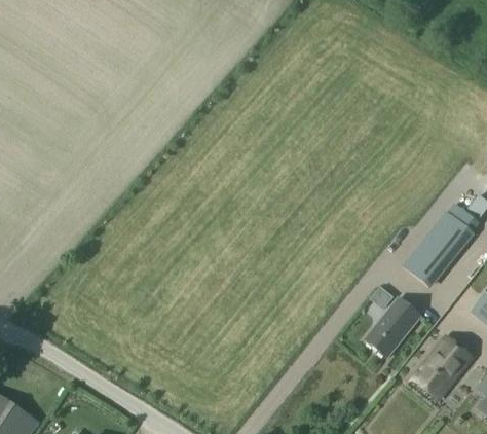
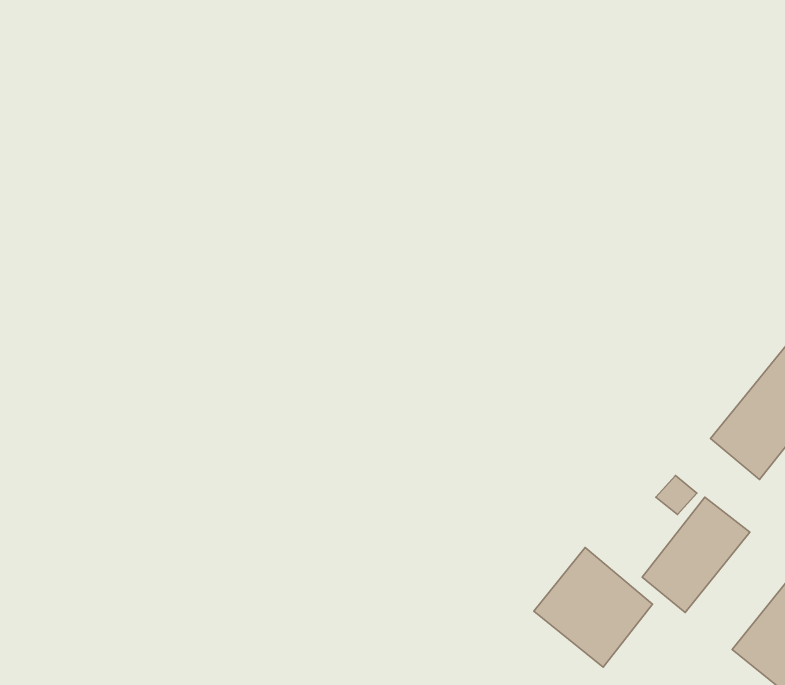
building: none -> [534,548,652,667]

